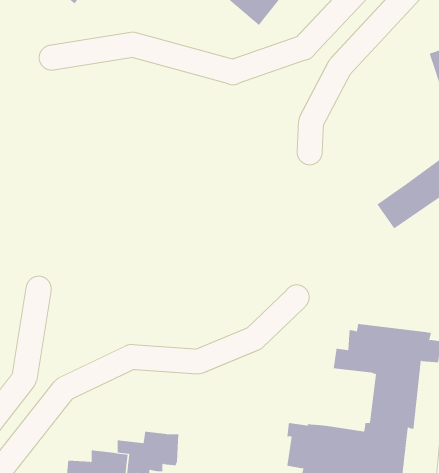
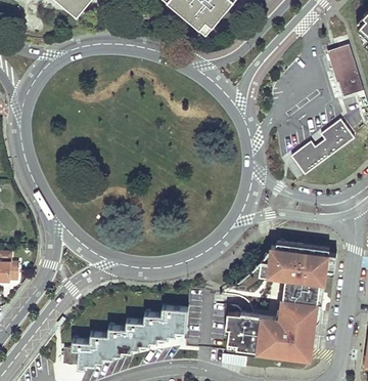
building: none -> [143,305,187,341]

